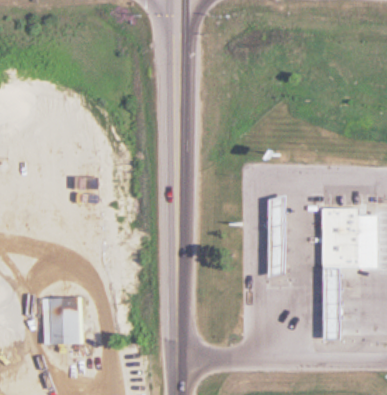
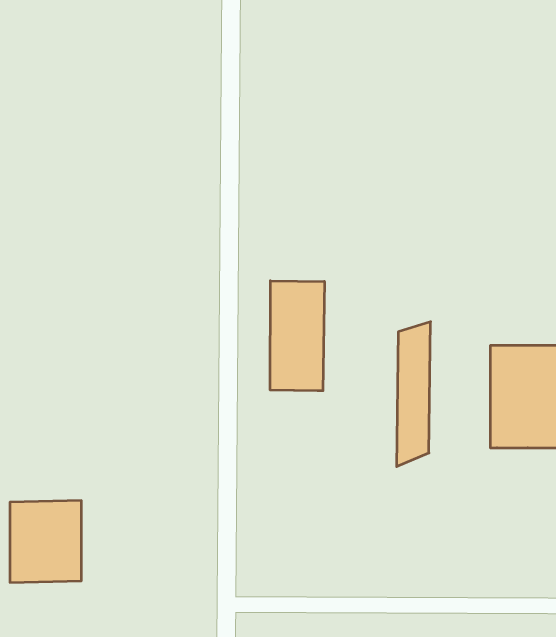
building: none -> [270,281,324,391]
building: [325,269,343,341] -> none

